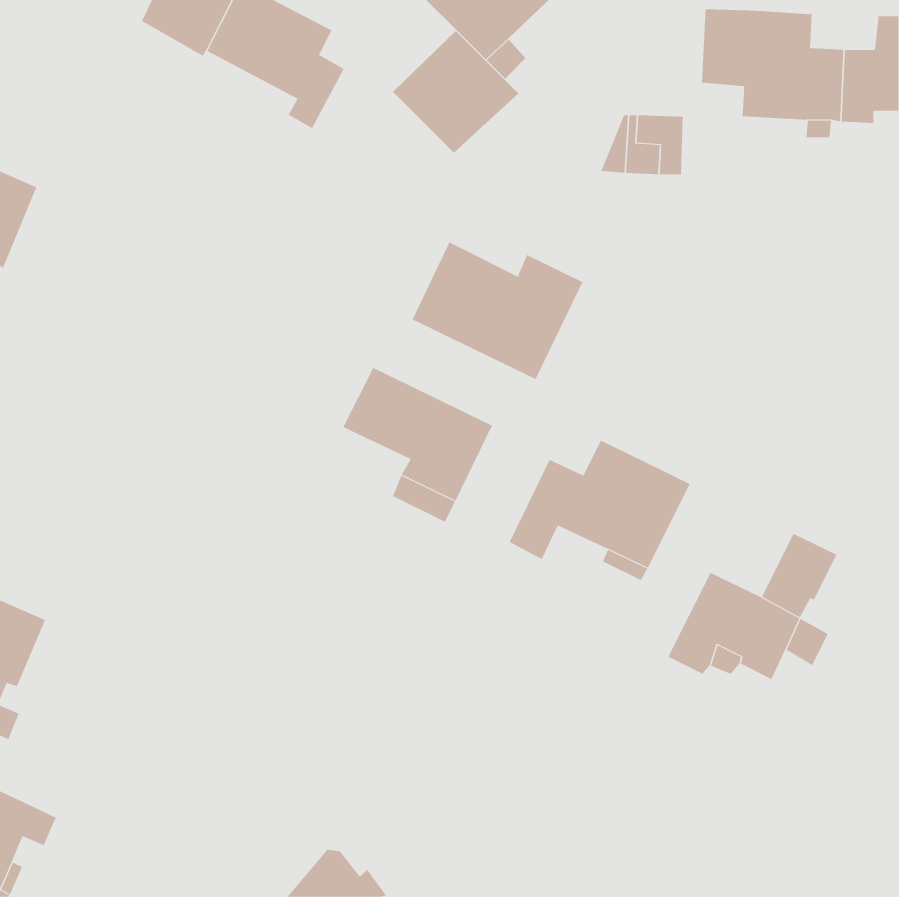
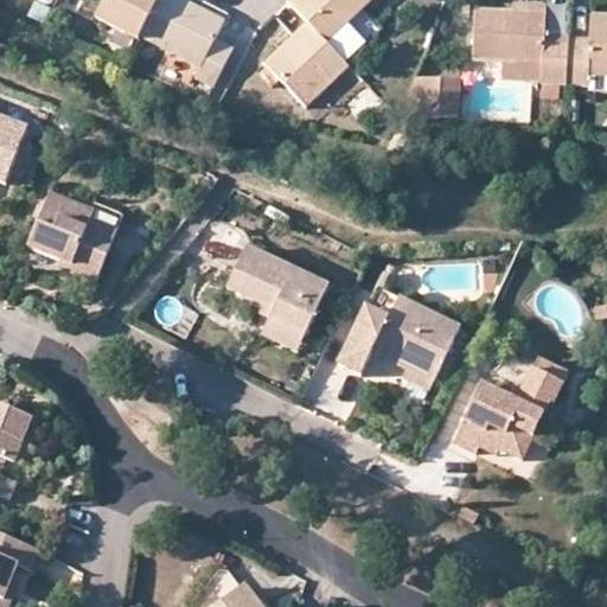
building: [412,242,583,380] -> none
building: none -> [26,191,121,279]

